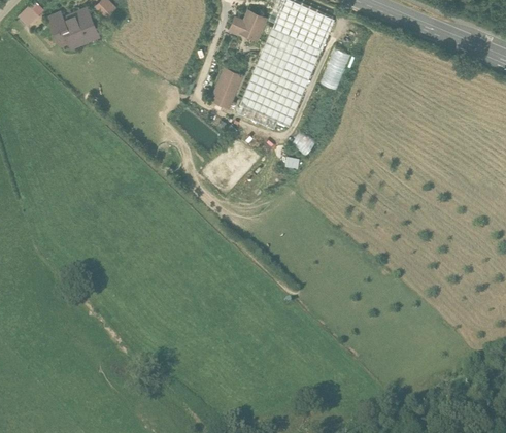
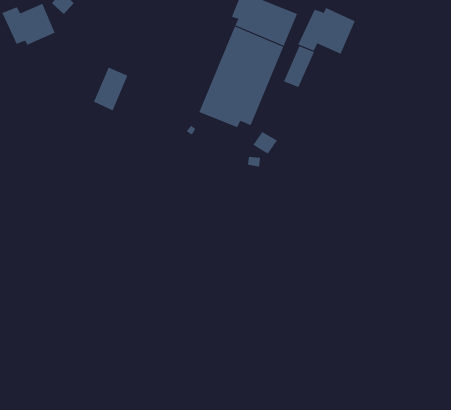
building: [229,10,267,42] -> none
building: none -> [297,7,356,54]
building: [209,67,243,110] -> [93,67,128,111]

